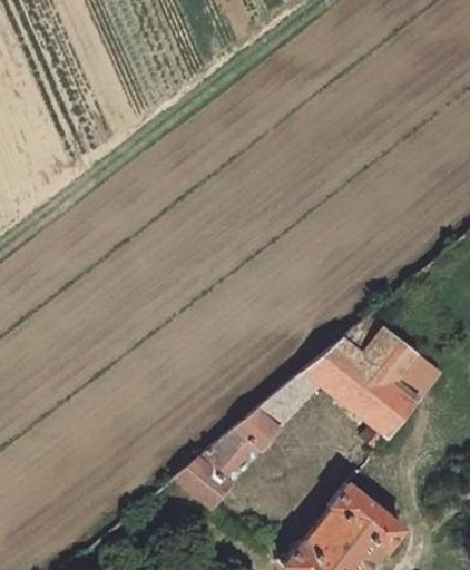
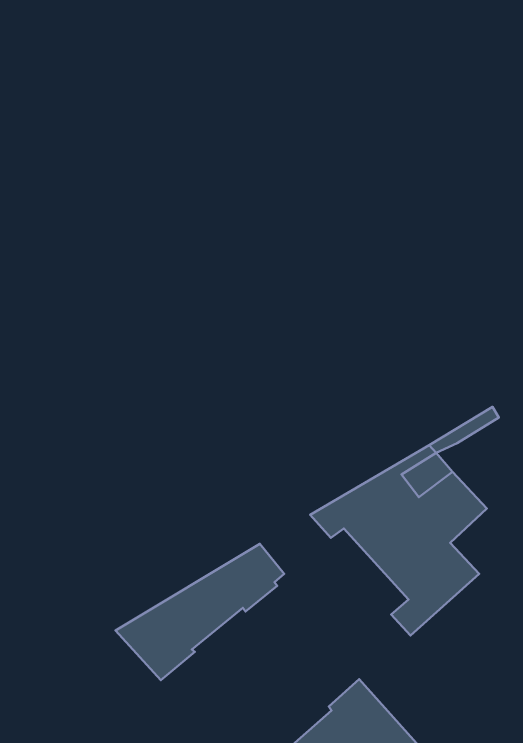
building: [394,353,439,399] -> none
building: [264,377,312,421] -> none

